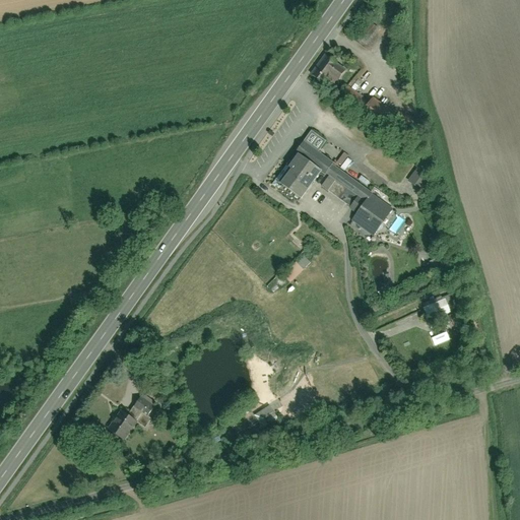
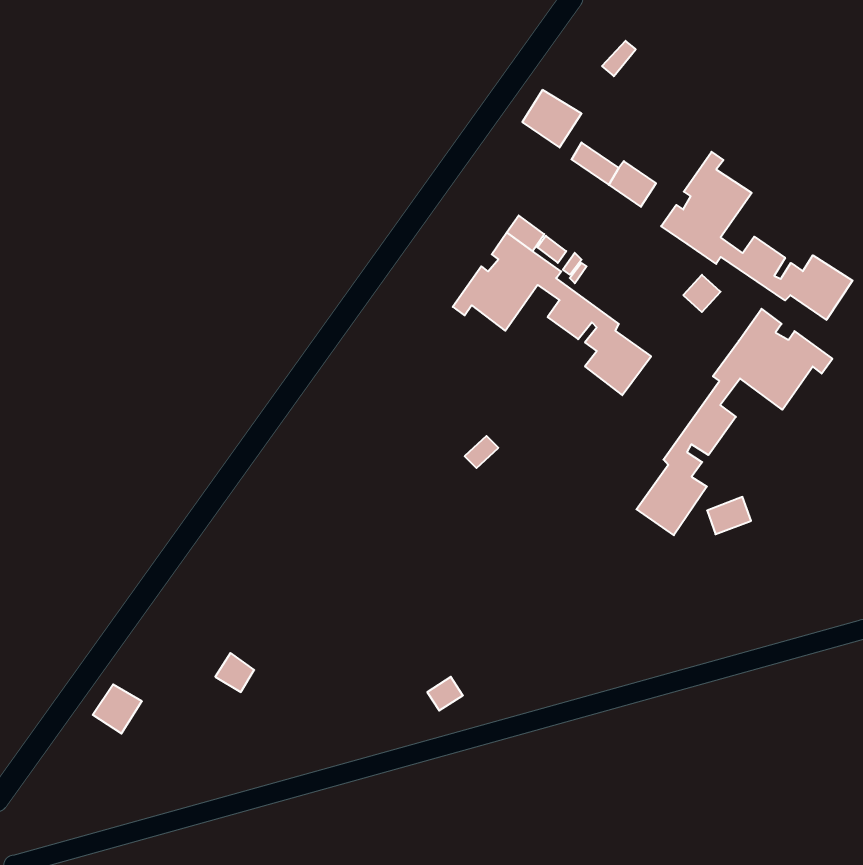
building: none -> [661,152,853,320]
building: none -> [636,309,832,535]
building: [104,409,133,439] -> [93,684,142,734]

